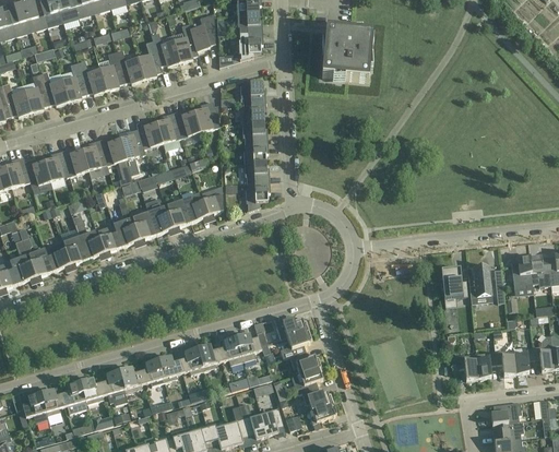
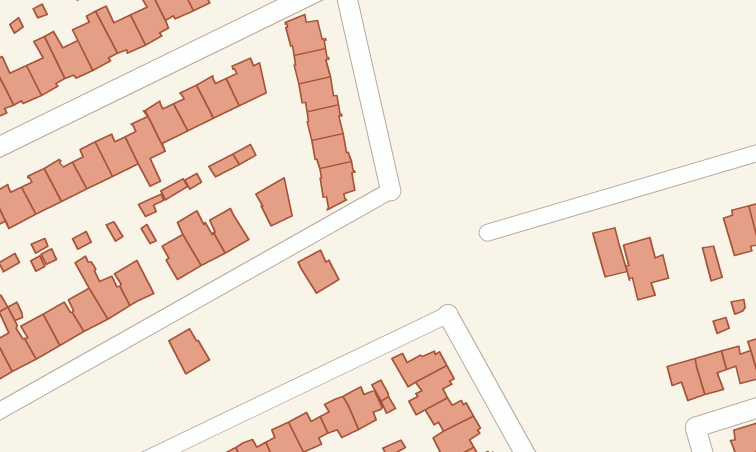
building: [182,192,207,221] -> [298,250,339,293]
building: [114,216,139,246] -> [169,329,210,374]
building: [473,263,491,295] -> [593,228,627,277]

